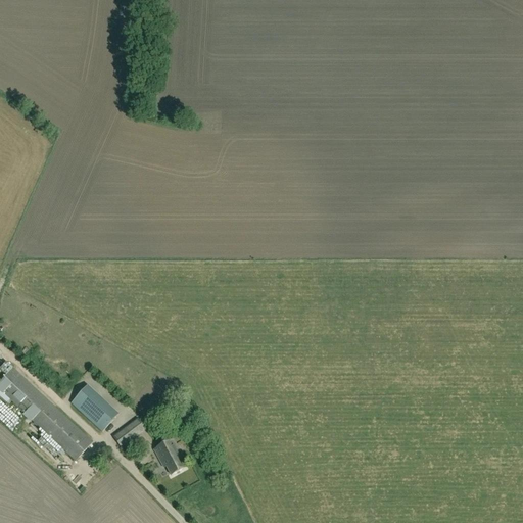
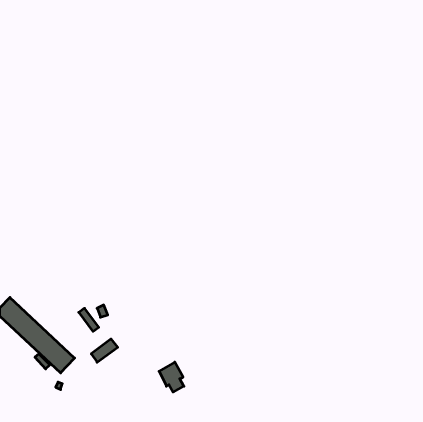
building: [70,386,115,429] -> none
building: [153,436,184,473] -> [159,362,184,392]

